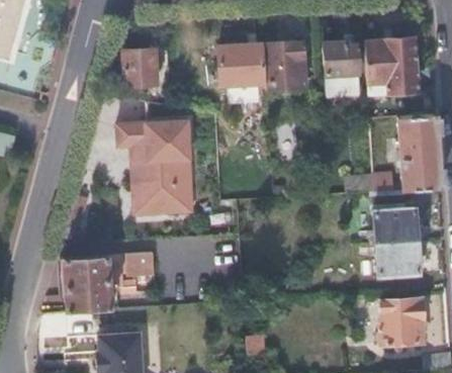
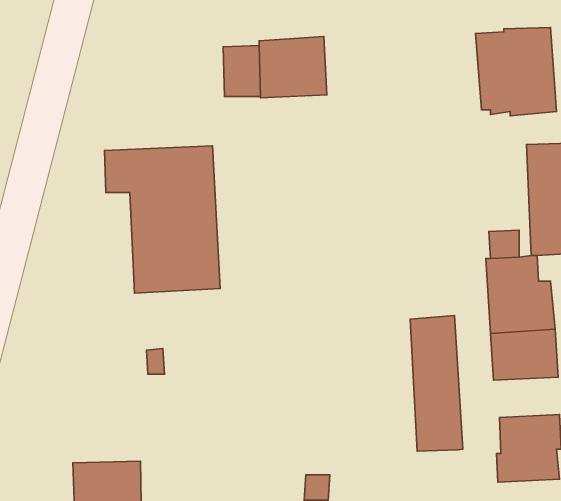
building: [262,41,304,90] -> none
building: [325,41,359,96] -> none
building: [122,52,157,87] -> none
building: none -> [410,316,463,451]
building: [64,256,126,313] -> none

